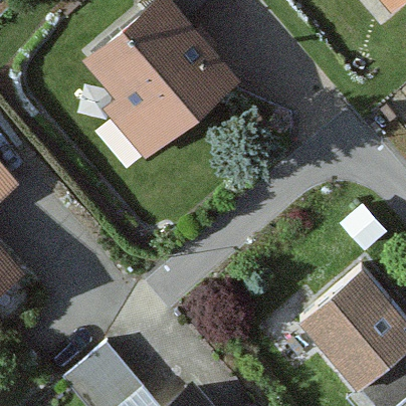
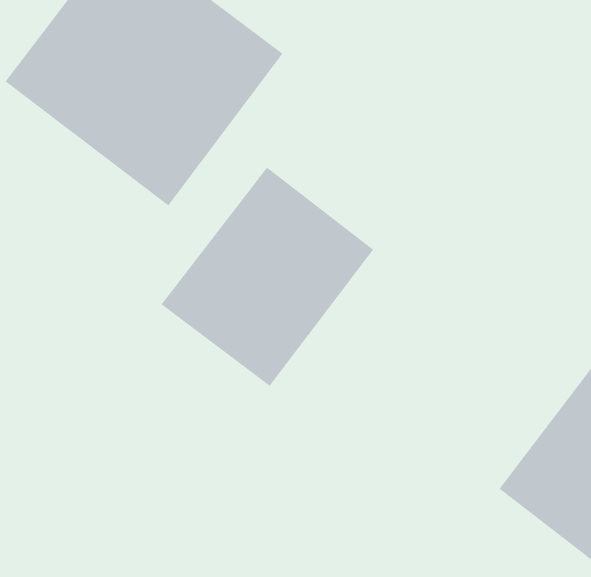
building: none -> [161,167,374,387]

